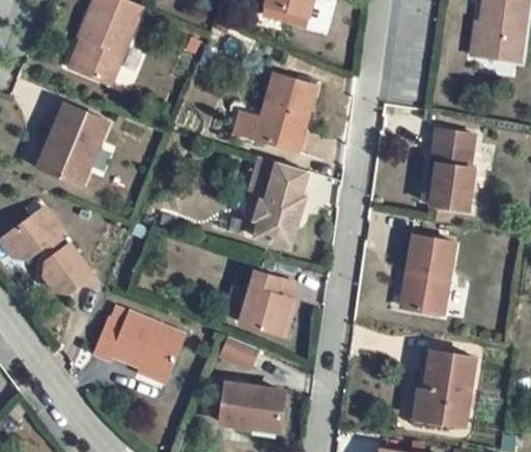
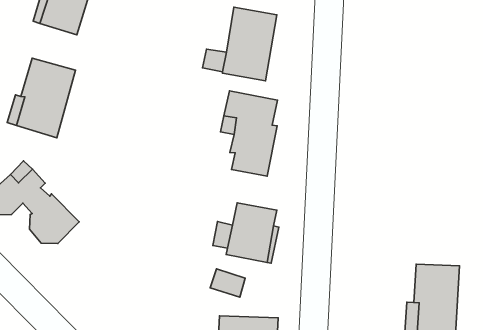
building: [432,130,476,213] -> none
building: [404,235,455,316] -> none
building: [93,312,185,377] -> none

